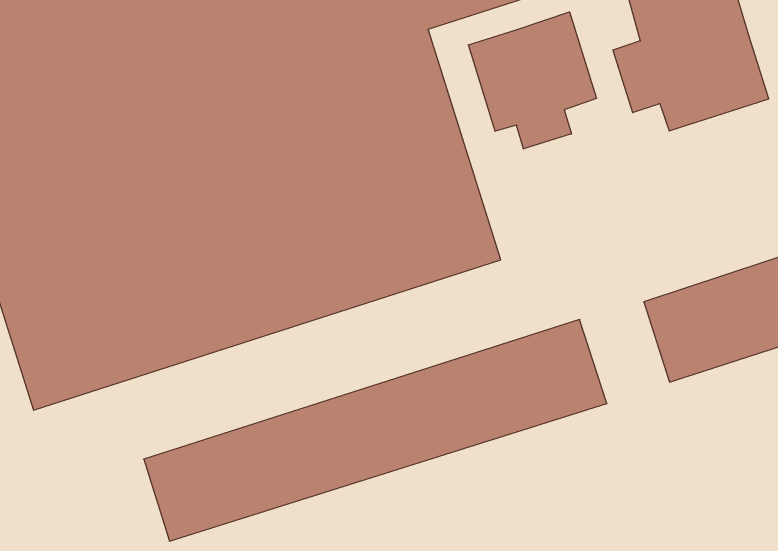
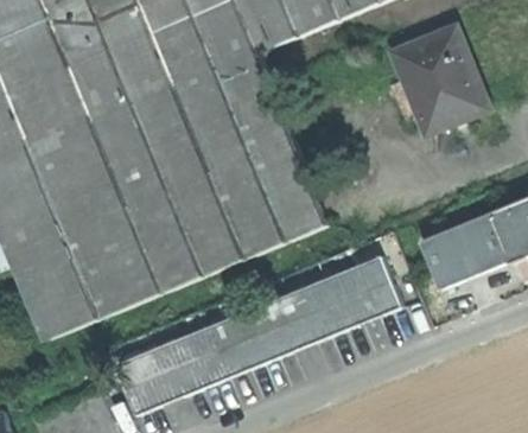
building: [468,12,596,149] -> none

